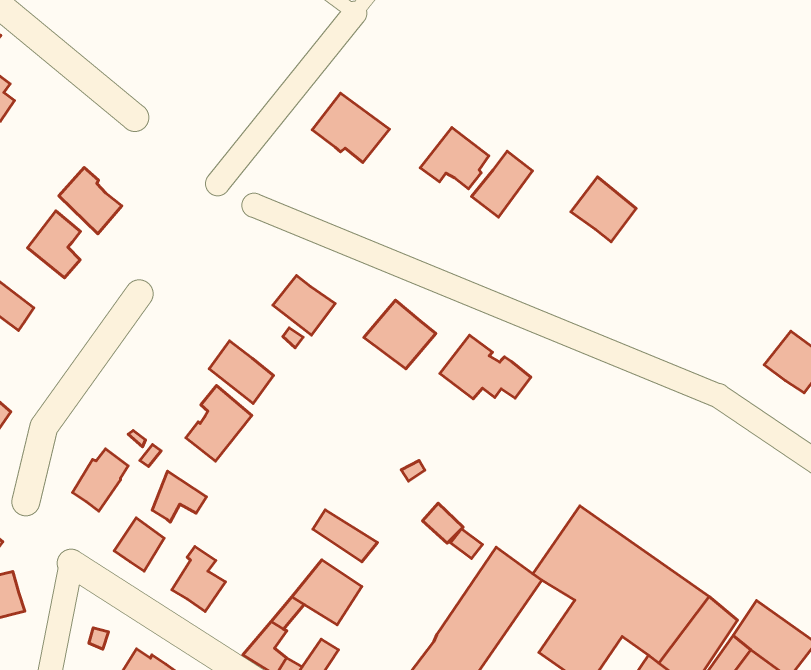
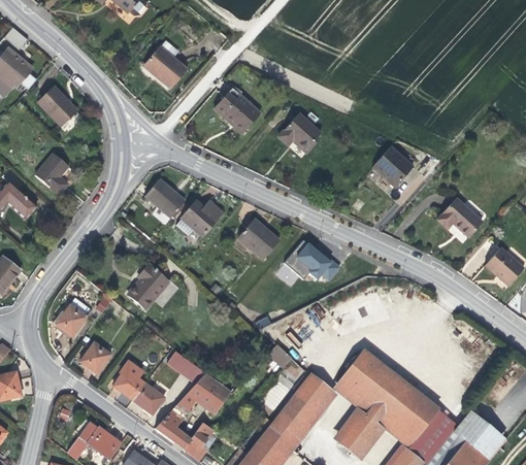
building: none -> [141,39,186,89]
building: [472,151,533,217] -> none
building: [59,167,122,234] -> [37,86,75,127]
building: none -> [436,199,482,236]
building: [209,341,273,404] -> [145,179,185,219]
building: [152,471,206,522] -> none
building: [313,510,378,562] -> [166,352,205,385]
building: none -> [132,384,164,414]

